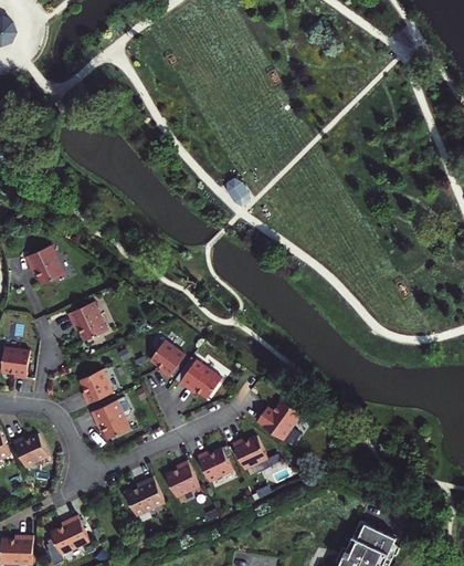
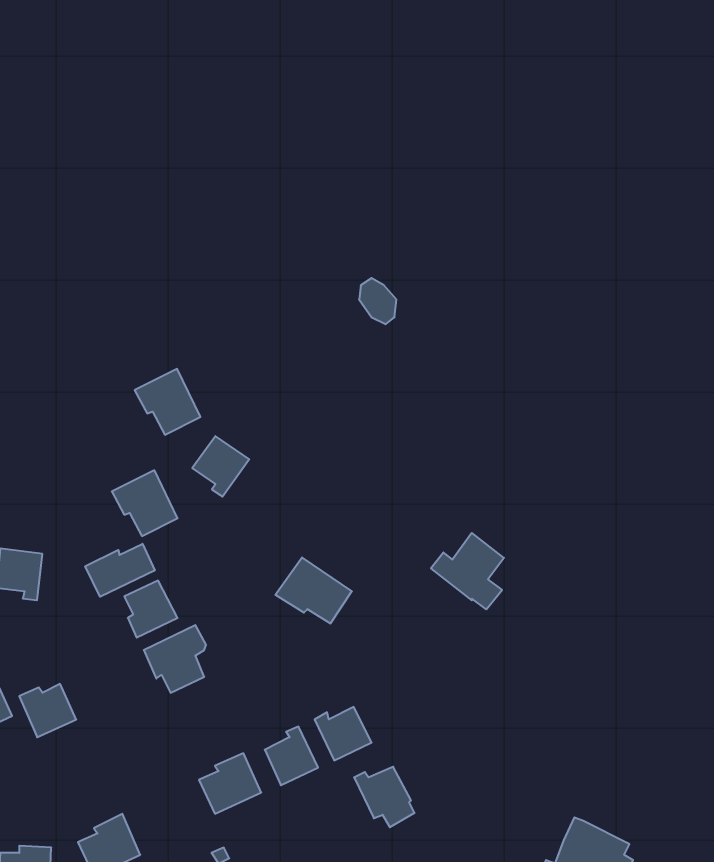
building: [21,247,62,287] -> [135,369,200,435]
building: [148,339,183,377] -> [192,436,249,497]
building: none -> [85,544,155,597]
building: [259,401,304,449] -> [431,533,504,609]
building: [232,437,270,474] -> [354,767,415,827]

